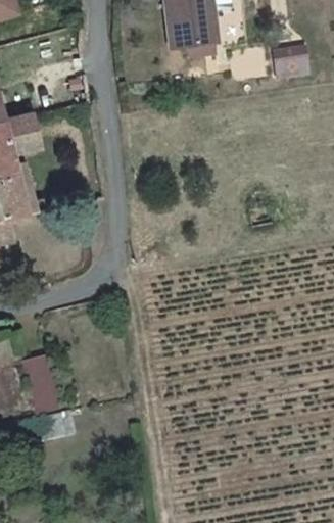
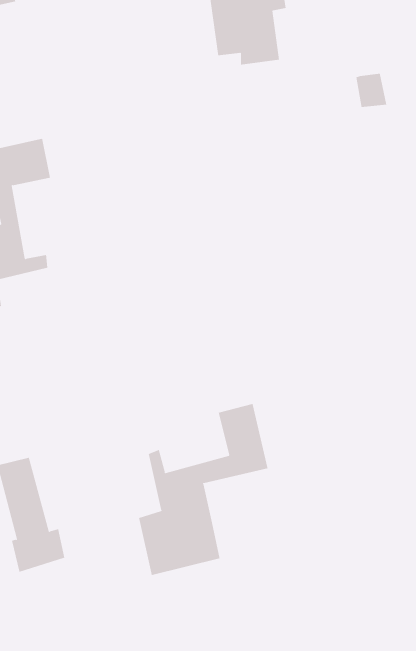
building: none -> [138,403,268,576]

